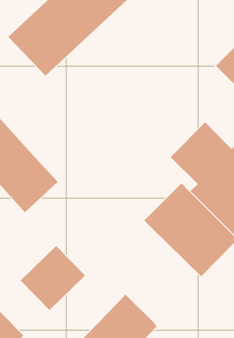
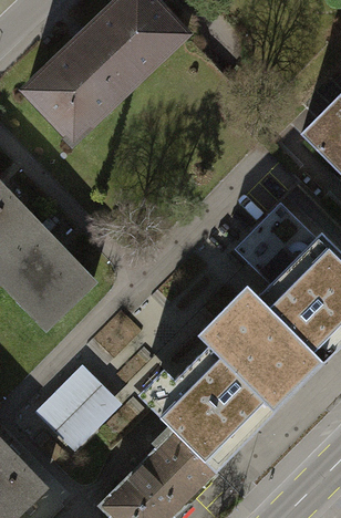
building: none -> [138,343,280,473]

